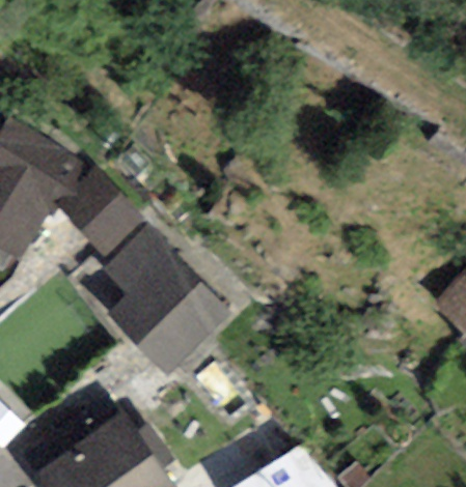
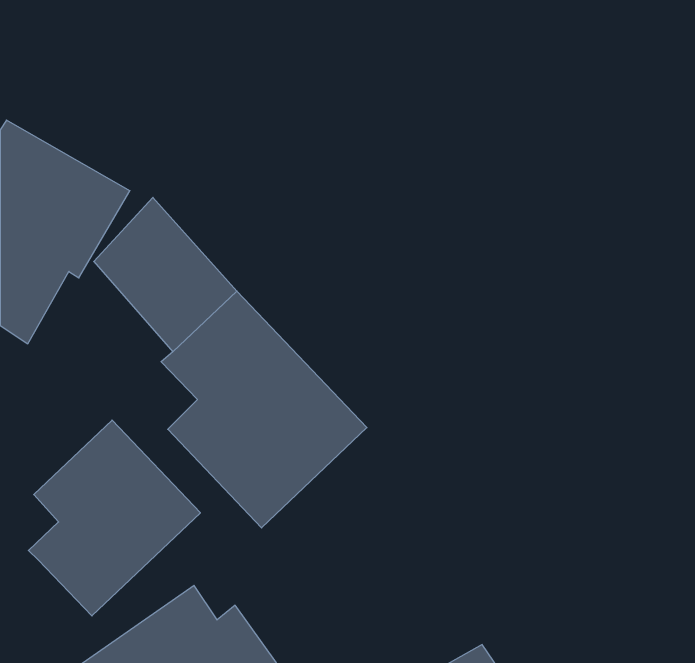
building: none -> [28,420,200,616]

